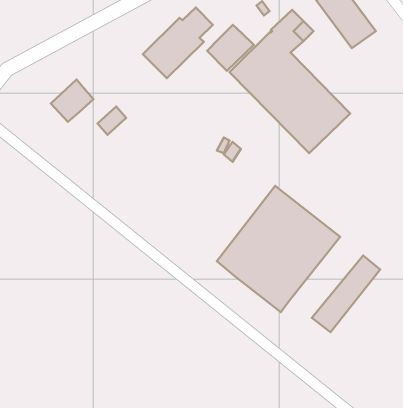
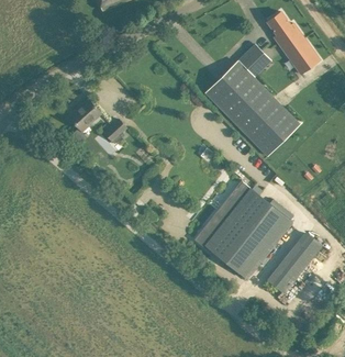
building: [143,7,213,78] -> none
building: [207,25,254,71] -> none

